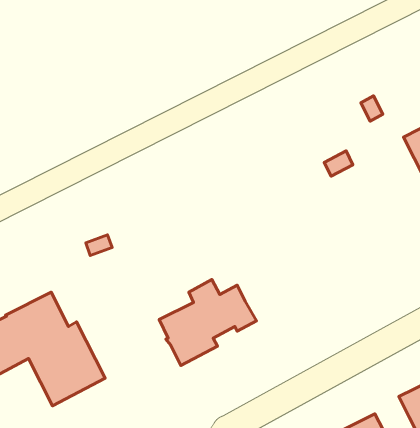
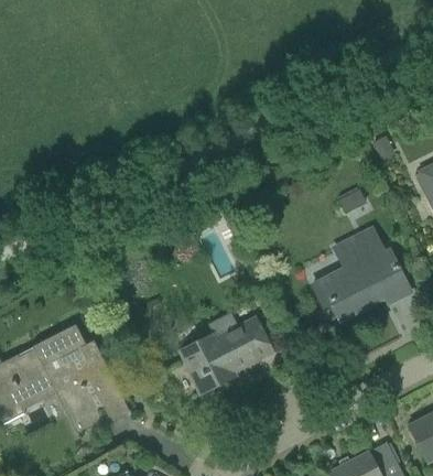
building: none -> [313,229,411,321]

